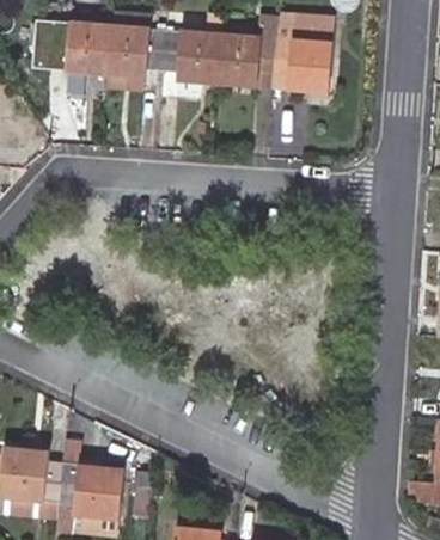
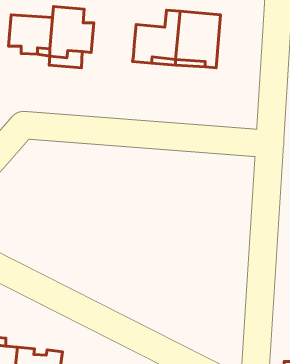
building: [161,14,222,81] -> none

